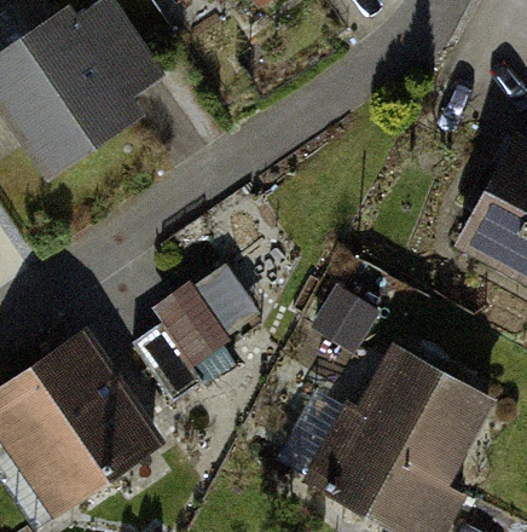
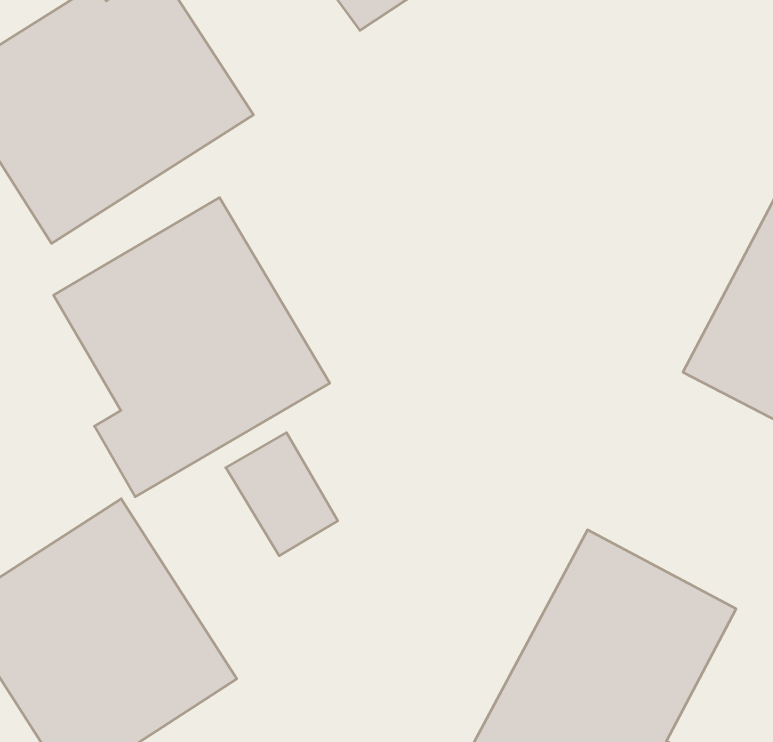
building: none -> [54,198,330,497]

